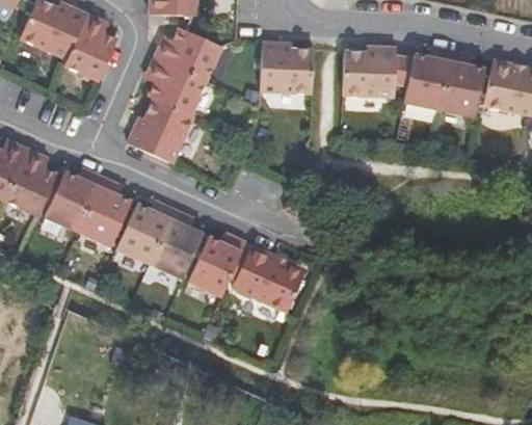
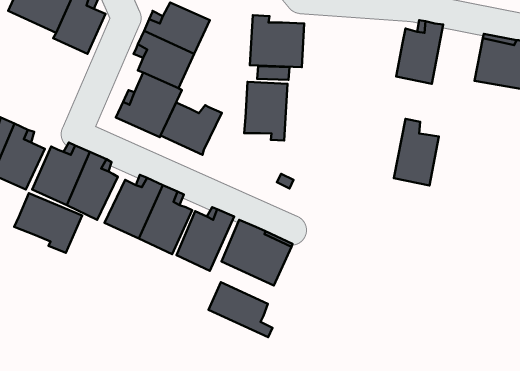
building: [344,48,397,98] -> none
building: [441,51,485,117] -> [394,119,439,186]
building: none -> [244,82,288,140]
building: none -> [161,102,222,155]
building: none -> [14,193,82,253]
building: none -> [209,282,273,337]

